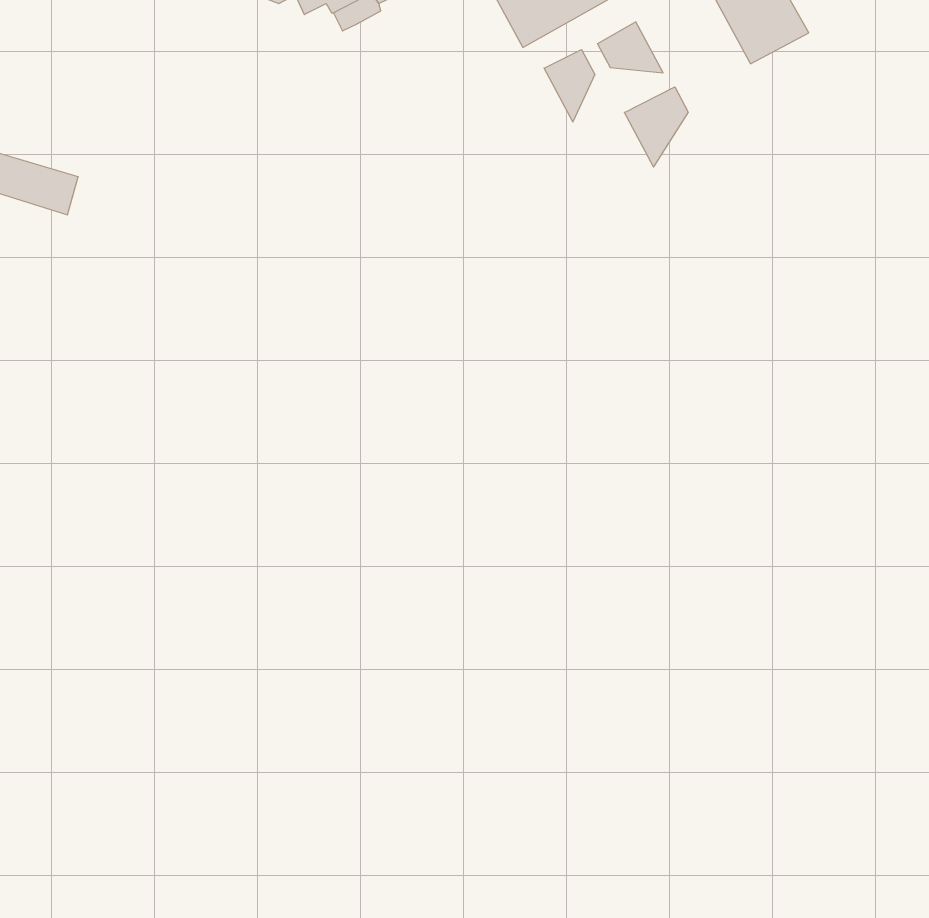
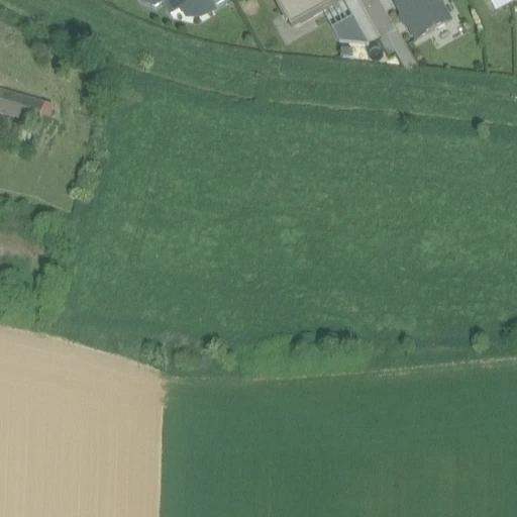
building: [544,50,595,122] -> none
building: [624,87,688,167] -> none

